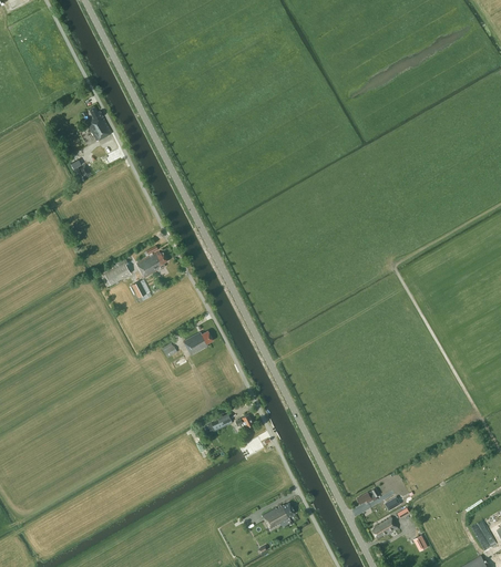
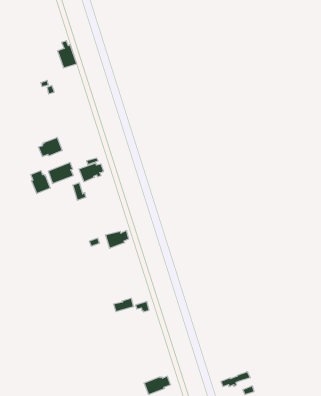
building: none -> [39,137,62,157]
building: none -> [31,171,50,194]

